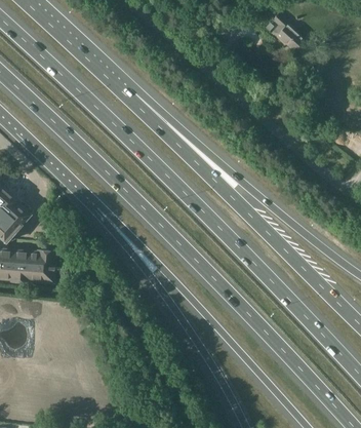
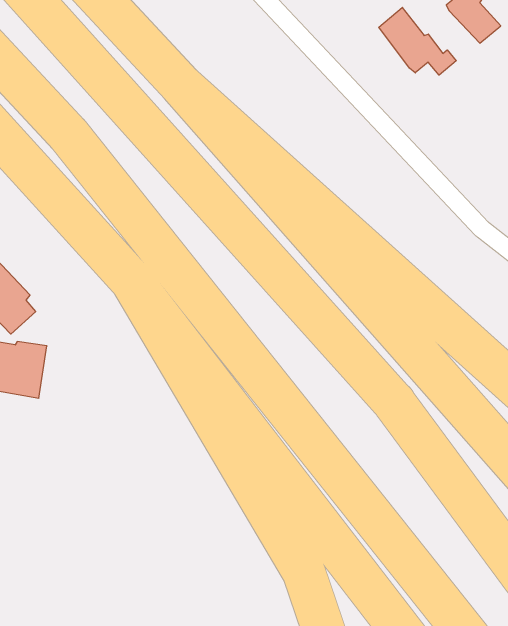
building: none -> [379,7,456,75]

